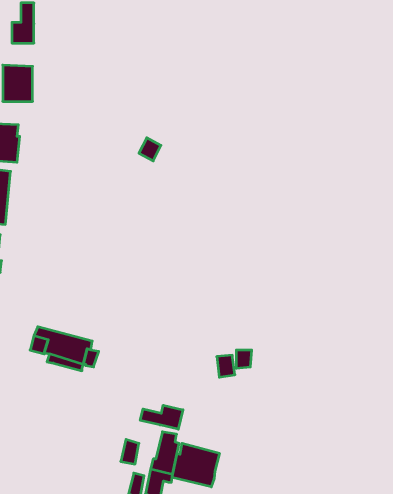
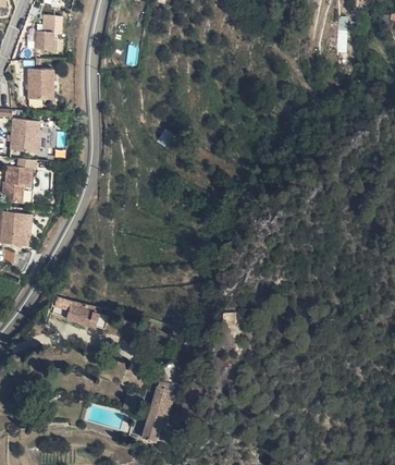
building: [140,405,183,429] -> none
building: [172,443,219,487] -> none

